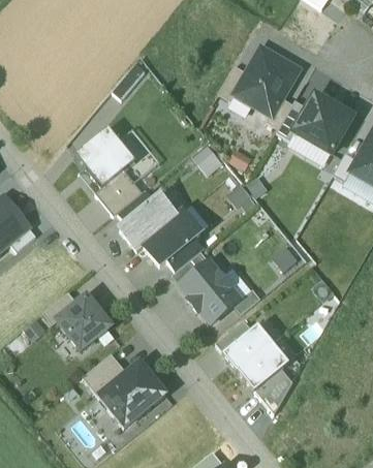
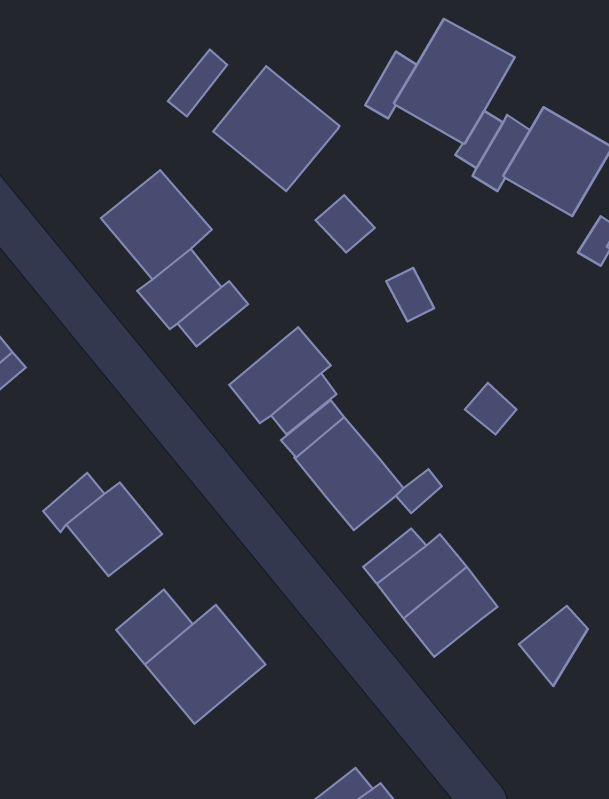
building: none -> [213,66,339,191]
building: [122,197,177,249] -> none
building: [256,370,293,413] -> [519,606,588,686]

